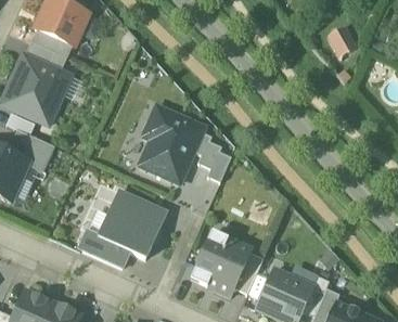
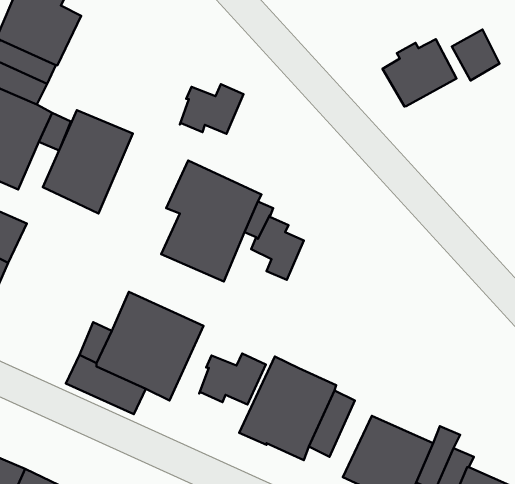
building: none -> [383,39,456,106]
building: none -> [180,84,243,134]
building: none -> [43,110,133,214]
building: none -> [199,353,266,404]

